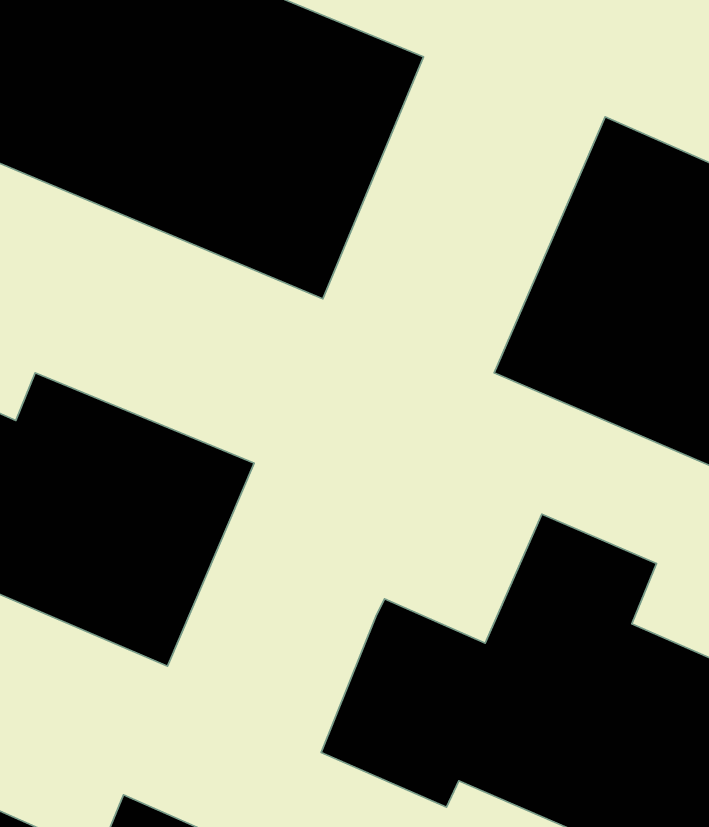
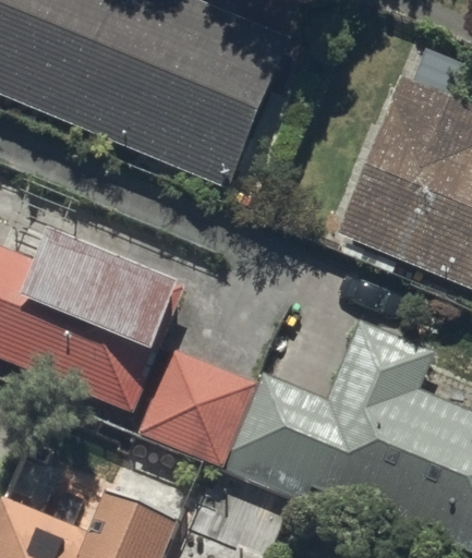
building: none -> [140,345,259,466]

